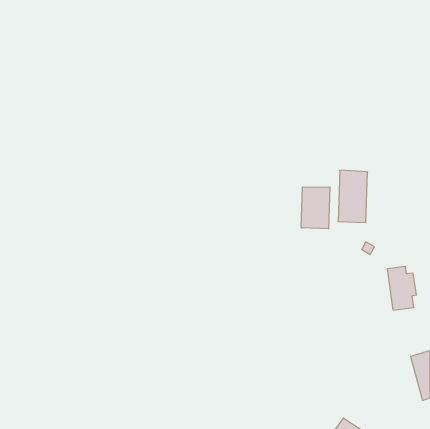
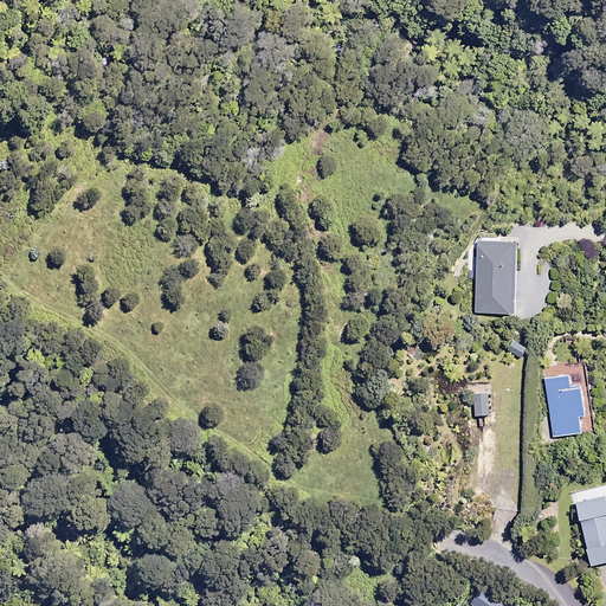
building: [301,187,330,229] -> none

